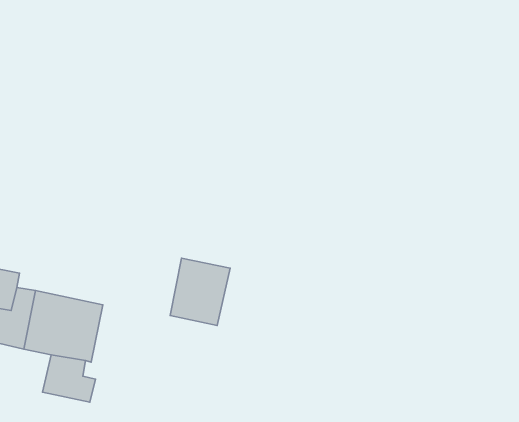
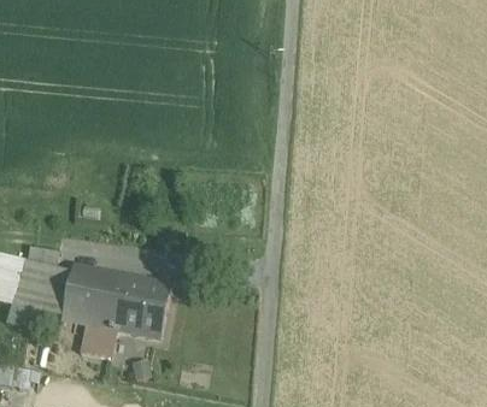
building: [170,258,230,325] -> [119,276,170,332]

